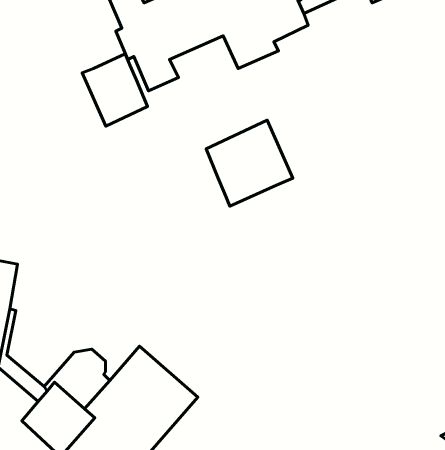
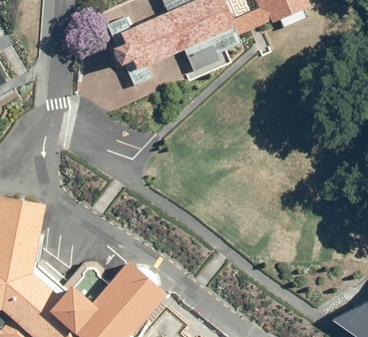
building: [82,54,147,126] -> none
building: [206,120,293,206] -> none

